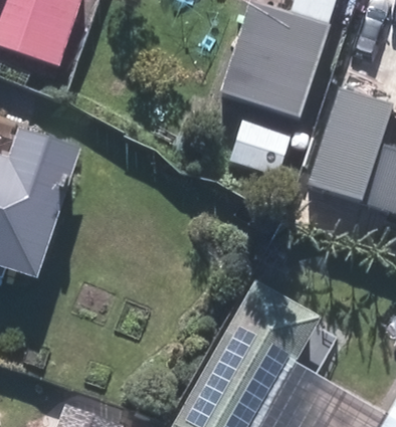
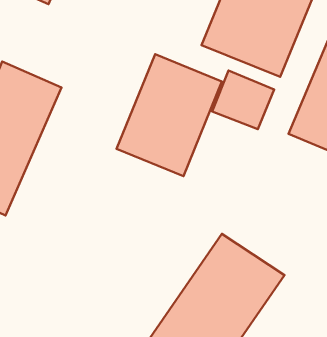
building: none -> [117,54,222,176]

